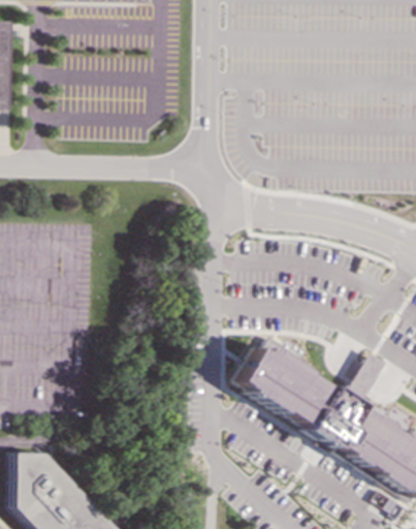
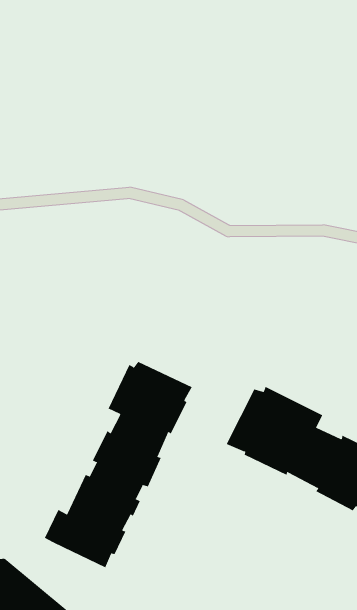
building: none -> [44,361,193,568]

